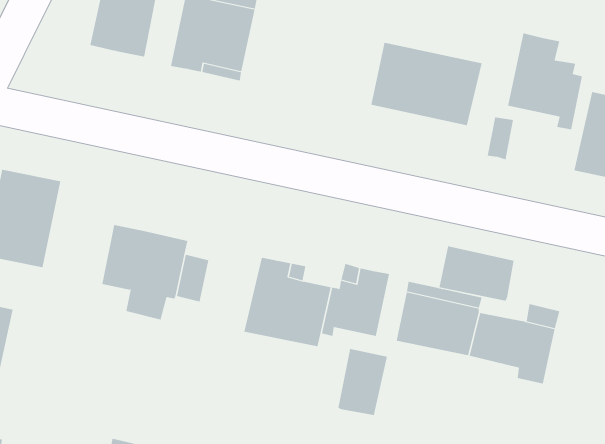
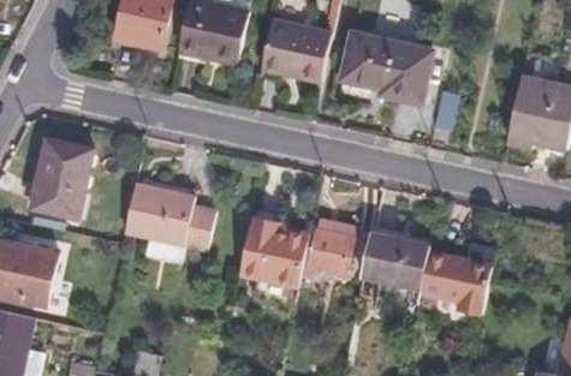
building: none -> [263,25,333,89]
building: [507,33,582,130] -> none
building: [439,246,514,301] -> none
building: [338,348,387,416] -> none

